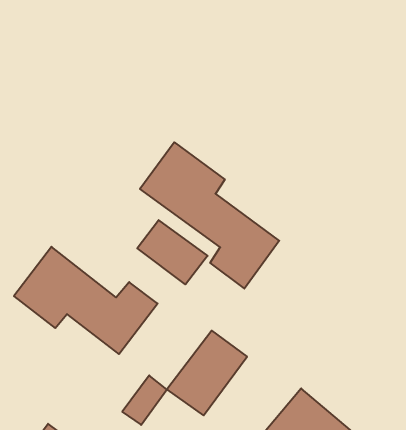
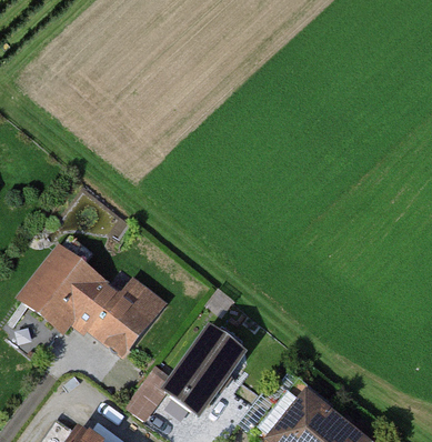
building: [140,142,279,289] -> none
building: [137,220,208,284] -> none

